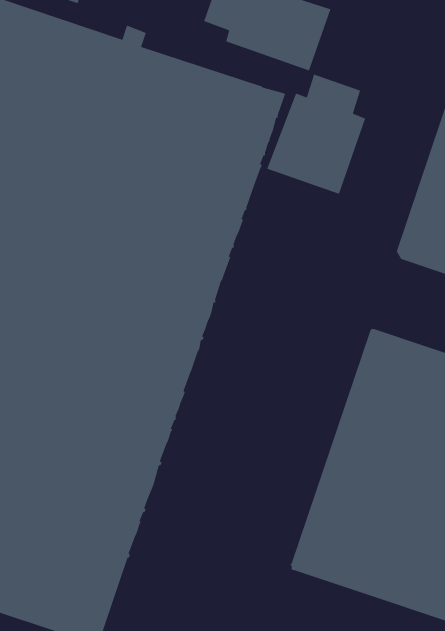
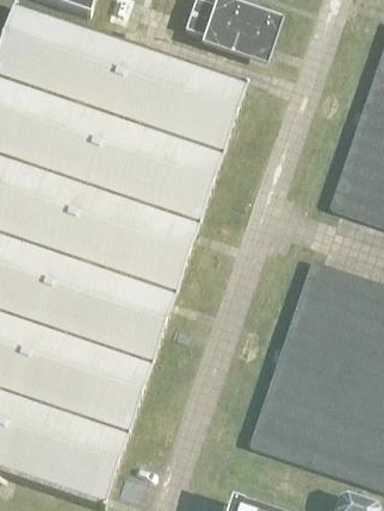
building: [266,73,366,195] -> none

